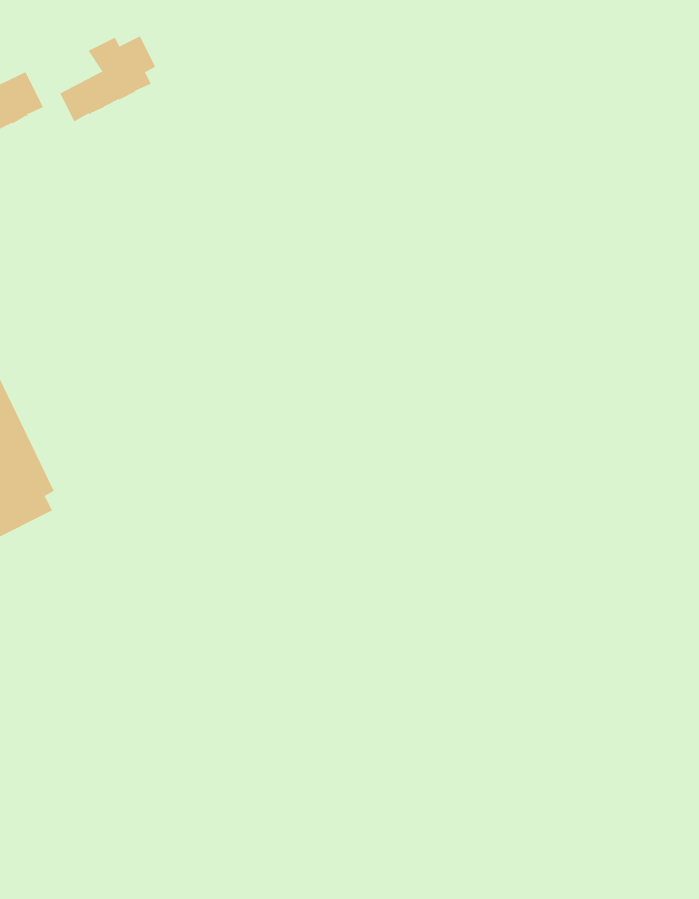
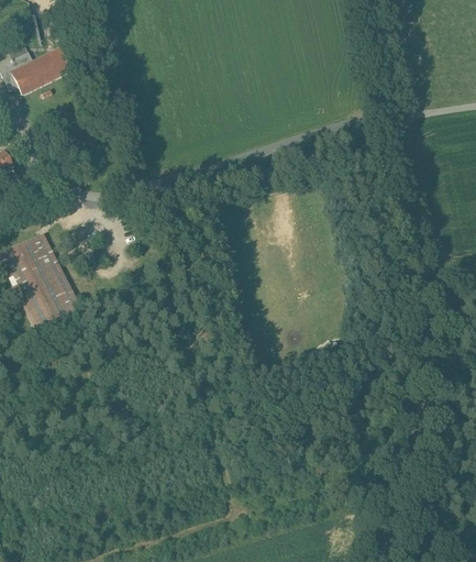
building: [60,35,156,122] -> none

